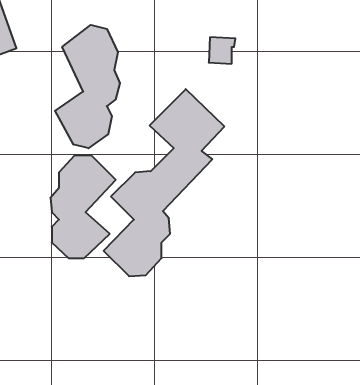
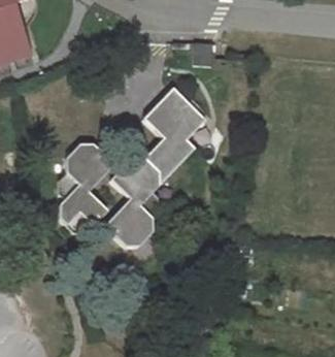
building: [55,25,120,148] -> none

